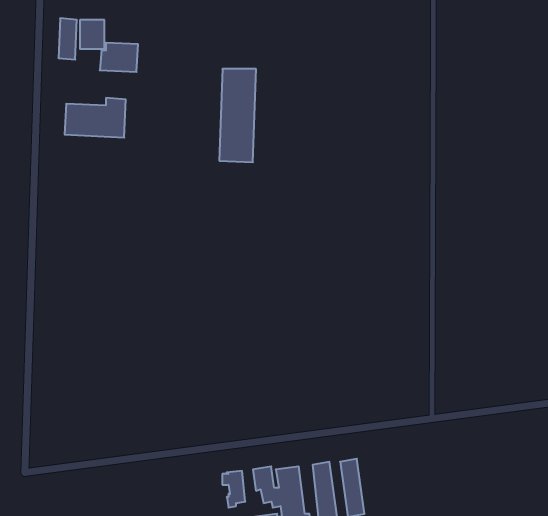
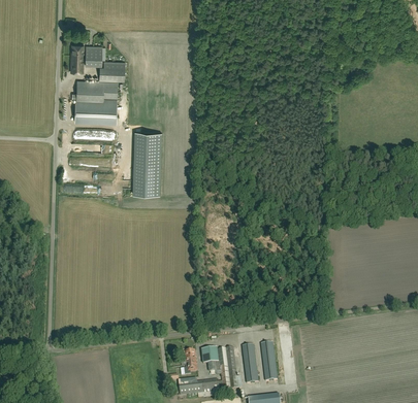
building: [219,69,256,162] -> [135,132,160,195]
building: none -> [71,80,117,103]

